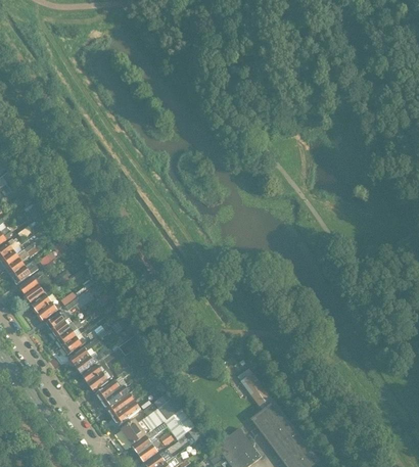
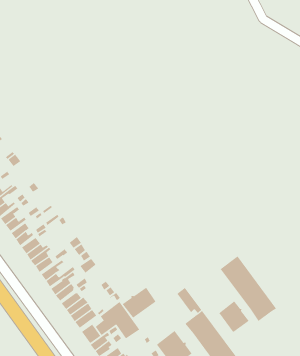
building: none -> [220,255,277,322]
building: none -> [122,287,156,318]
building: none -> [218,300,249,333]

